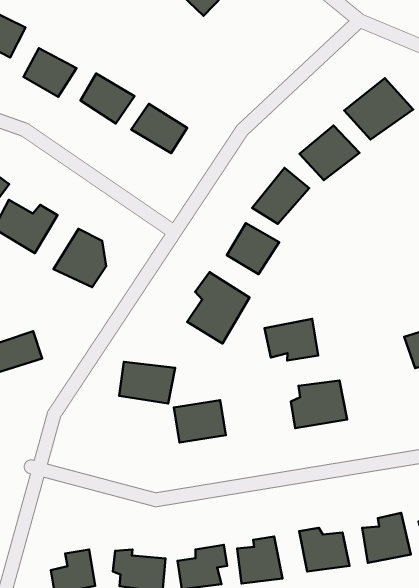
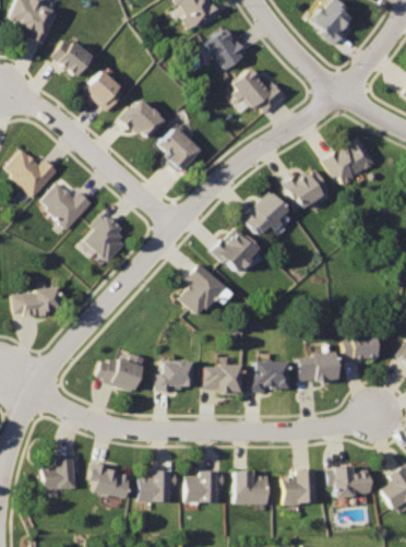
building: none -> [234,69,287,114]
building: [265,319,318,360] -> [202,365,239,393]
building: none -> [297,354,337,383]
building: [119,362,175,404] -> [96,352,142,389]

